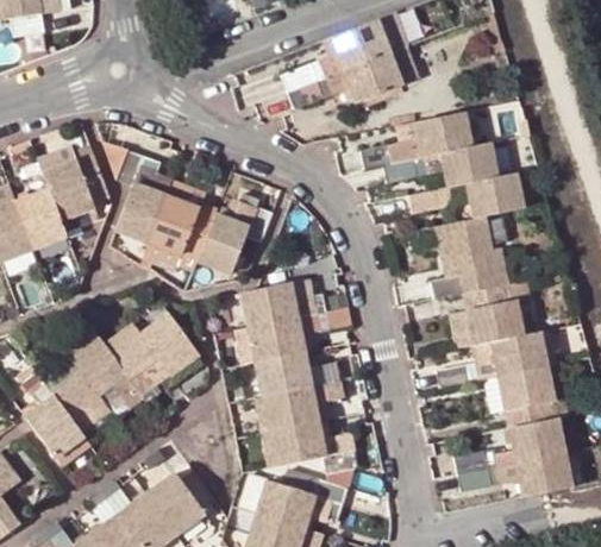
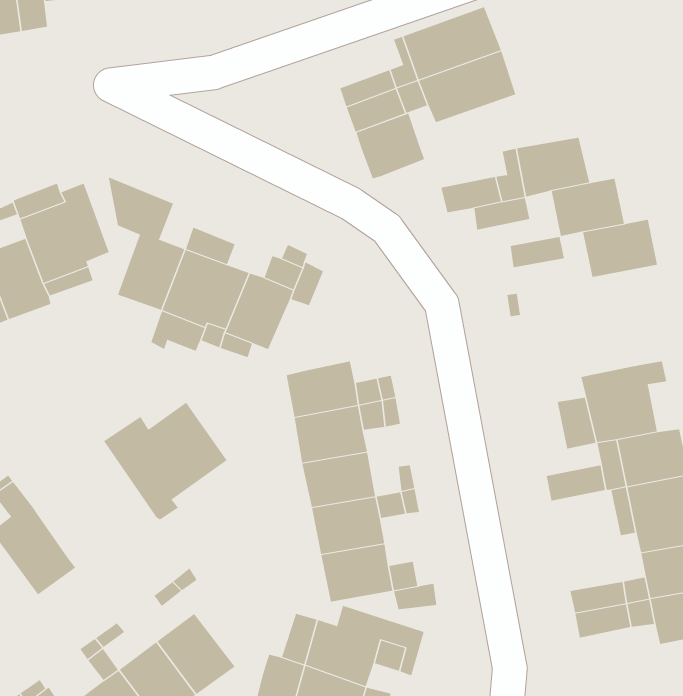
building: none -> [356,113,425,179]
building: [430,216,507,300] -> none
building: [52,328,144,432] -> none

